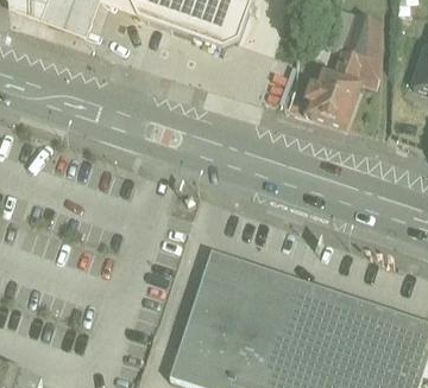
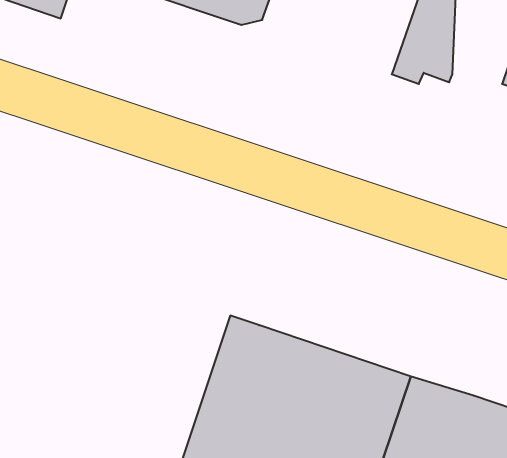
building: [307,71,359,125] -> none

